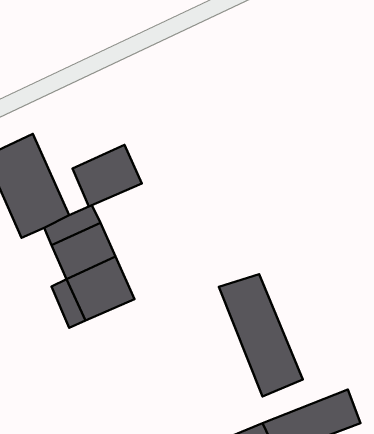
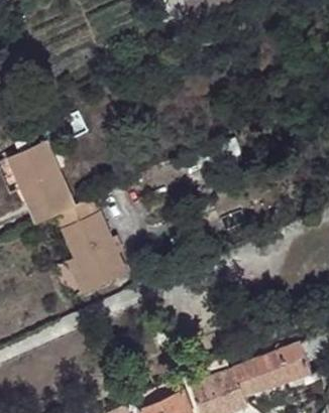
building: [72,145,142,206] -> none
building: [219,274,303,397] -> none

